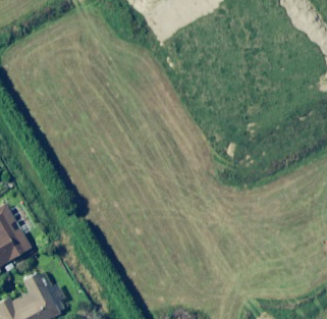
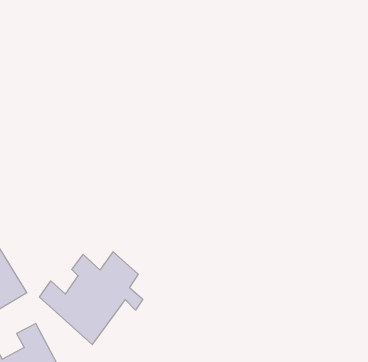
building: none -> [39,252,143,345]

